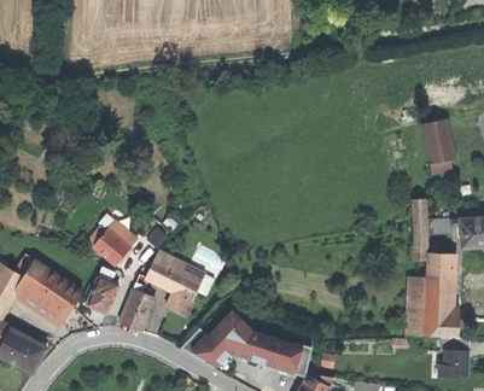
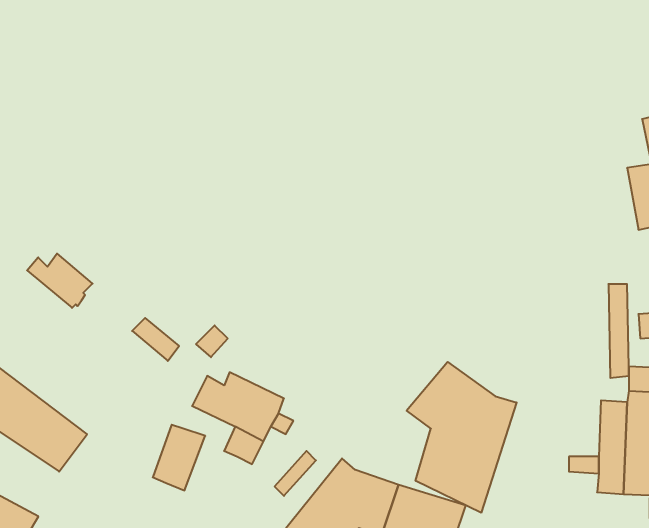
building: [87,228,129,263] -> [27,254,93,308]
building: none -> [407,362,517,513]
building: [87,267,118,313] -> none

